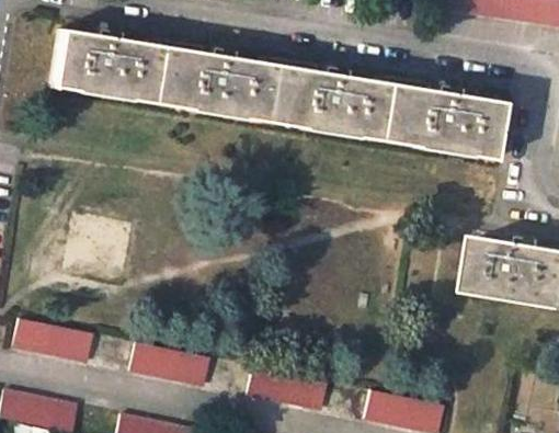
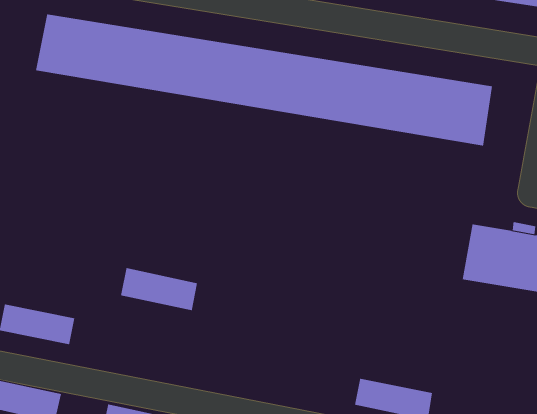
building: [132,340,208,383] -> [120,268,198,311]
building: [249,365,327,407] -> none

